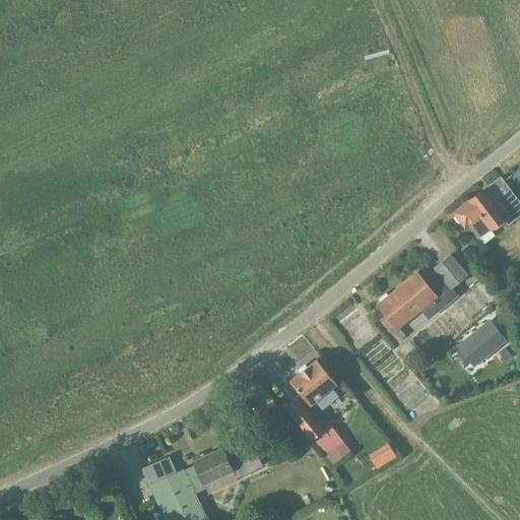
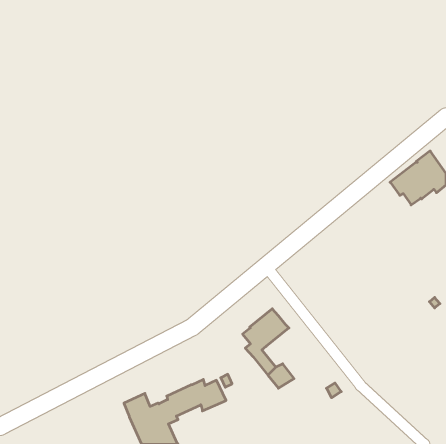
building: [379,255,467,333] -> none
building: [460,323,502,362] -> none

